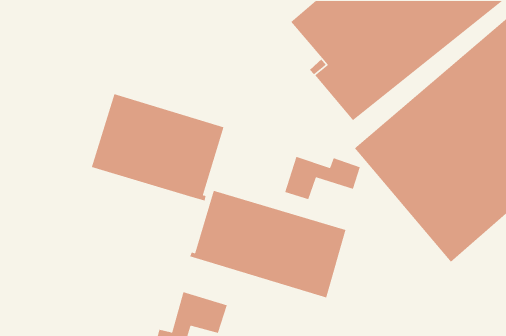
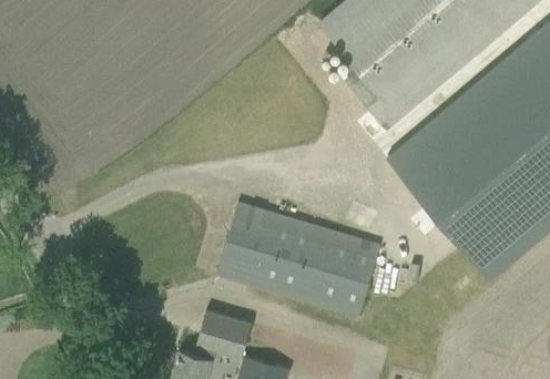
building: [91,93,224,202] -> none
building: [284,156,361,200] -> none

